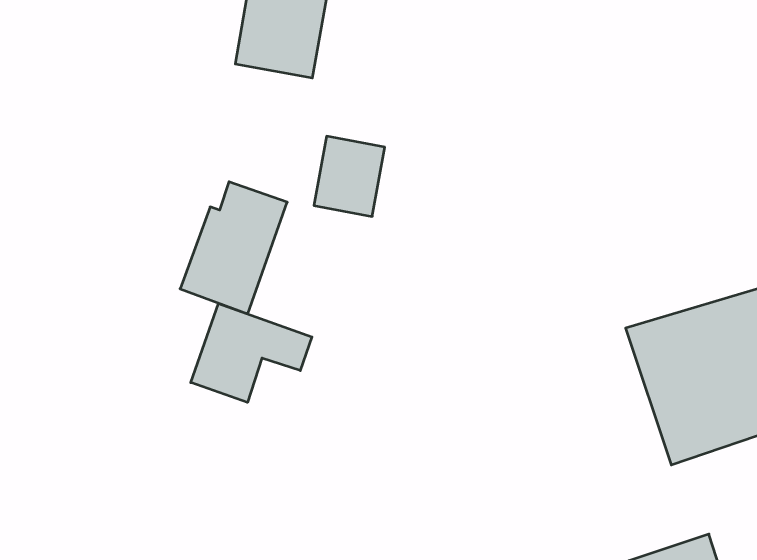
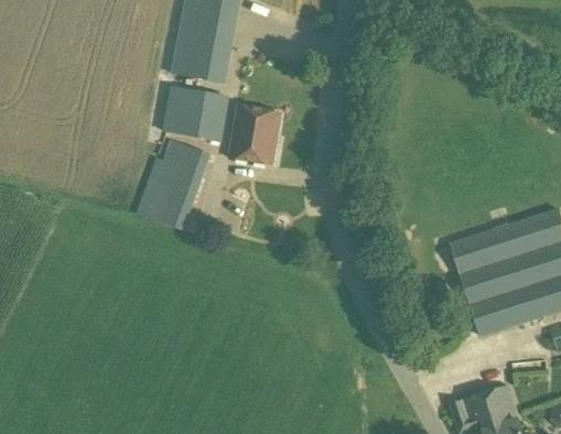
building: none -> [171,56,228,84]
building: none -> [162,86,230,142]
building: [191,303,312,402] -> none

